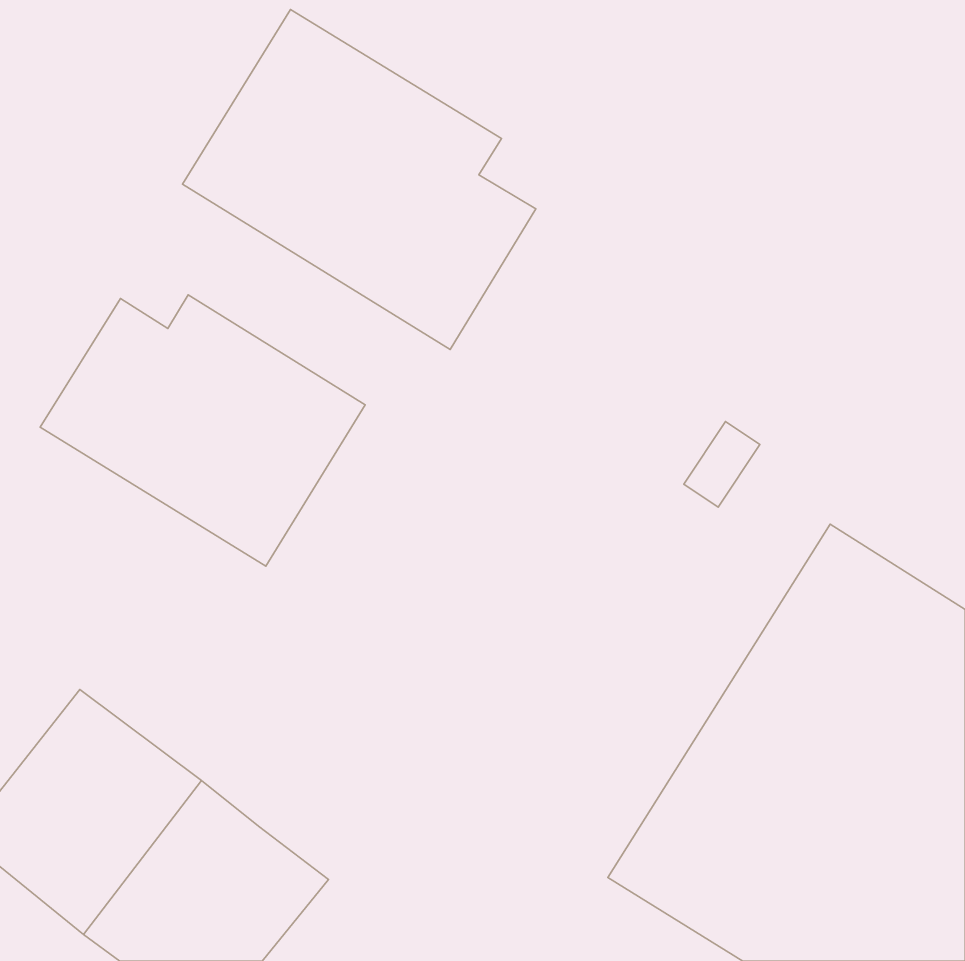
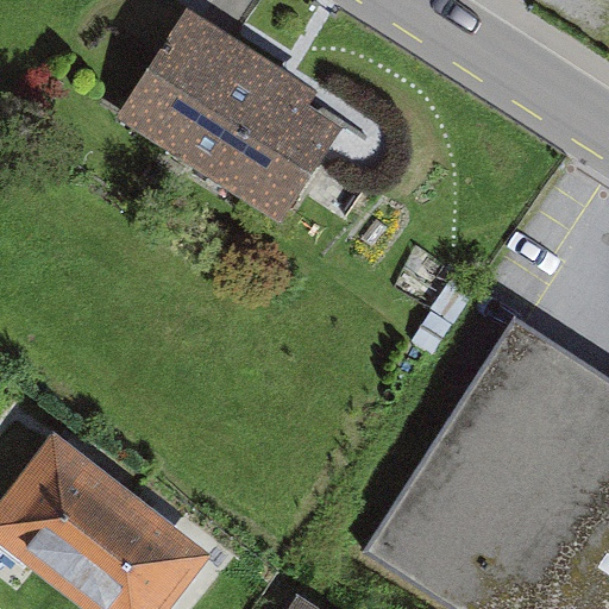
building: [40,295,365,566] -> none

